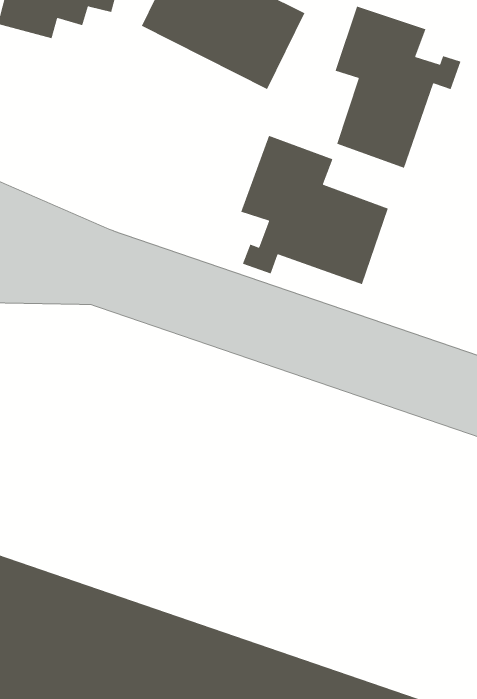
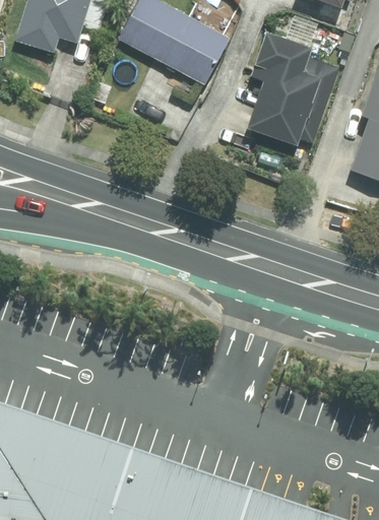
building: [240,135,389,285] -> none

